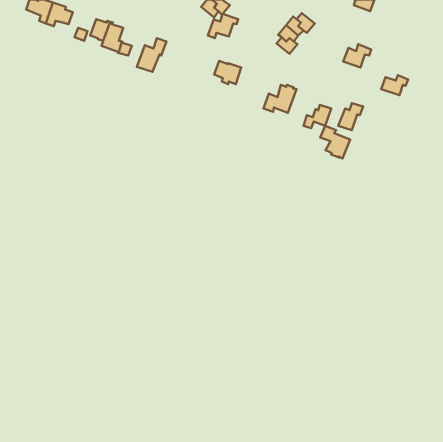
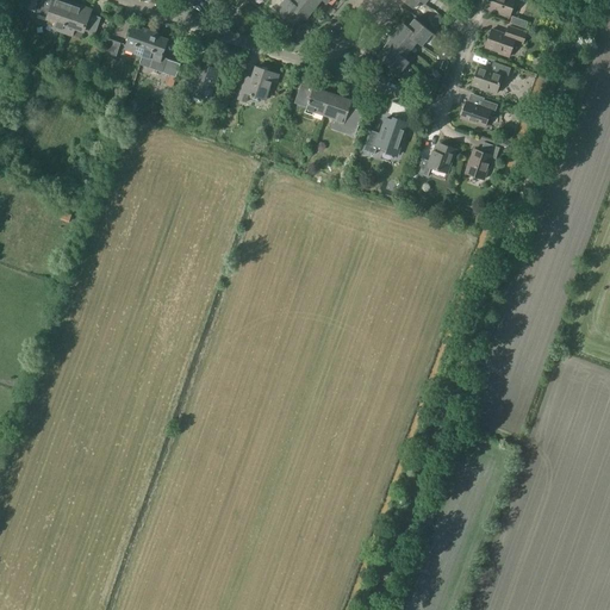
building: [208,14,238,38] -> [237,68,279,101]
building: none -> [485,26,525,56]
building: none -> [324,93,362,125]
building: [381,75,408,95] -> [460,99,497,126]
building: [320,126,350,158] -> none

